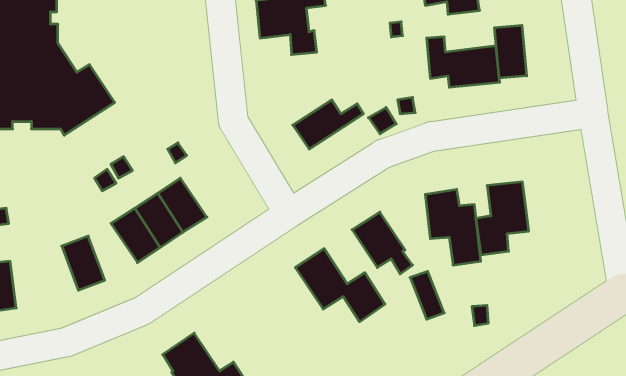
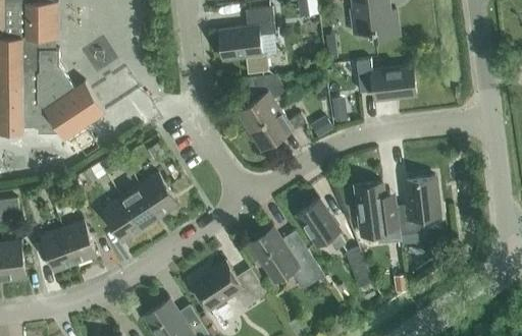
building: [495,25,527,78] -> none
building: none -> [236,74,284,130]
building: none -> [41,228,74,272]
building: none -> [191,262,266,310]

